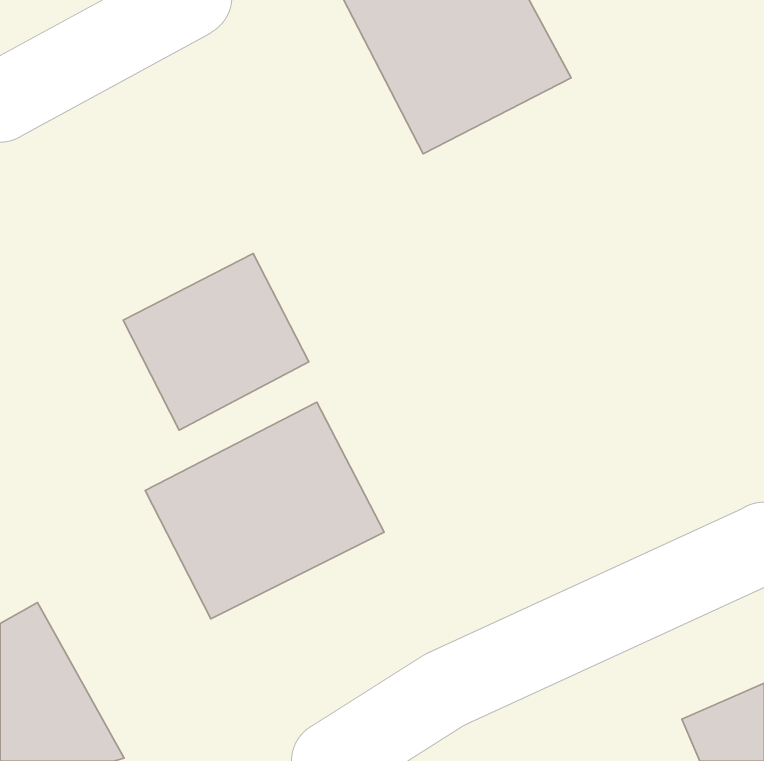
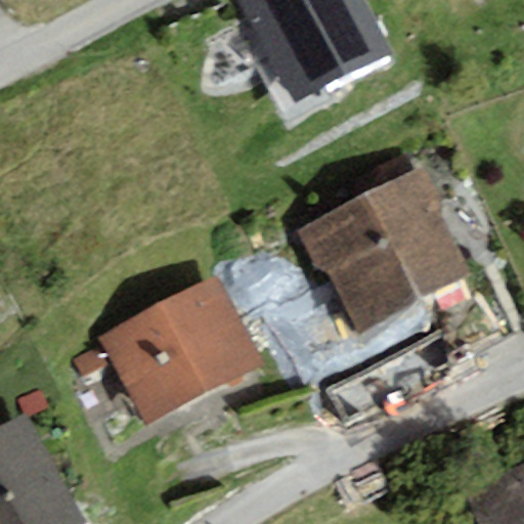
building: none -> [296,167,470,329]
building: [123,254,309,430] -> none

